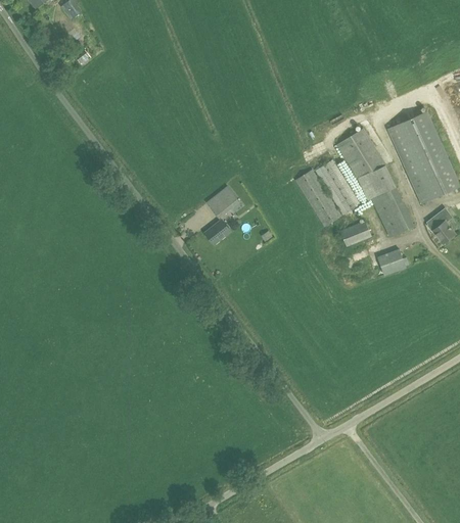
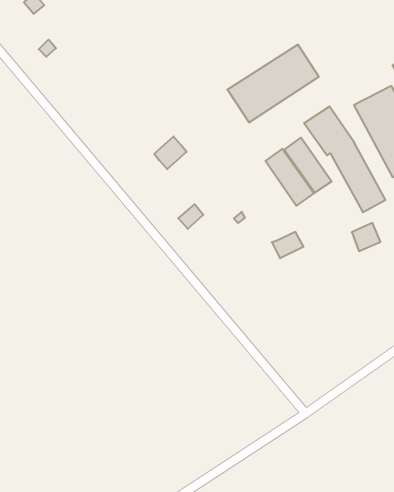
building: none -> [227,44,319,123]
building: [205,186,238,219] -> [154,136,187,169]
building: [339,221,371,246] -> [272,232,304,258]

